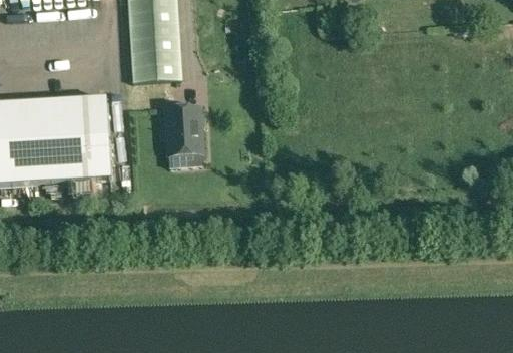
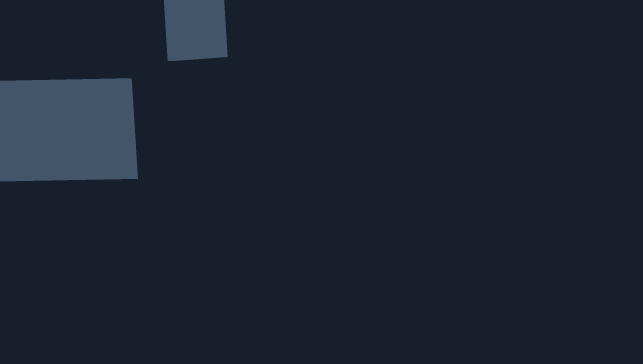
building: [164,107,203,156] -> none

